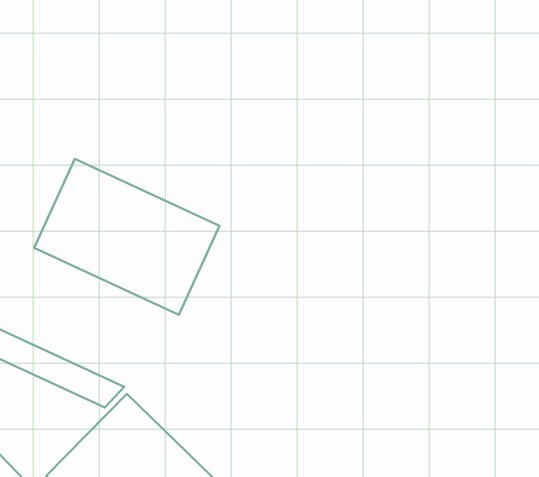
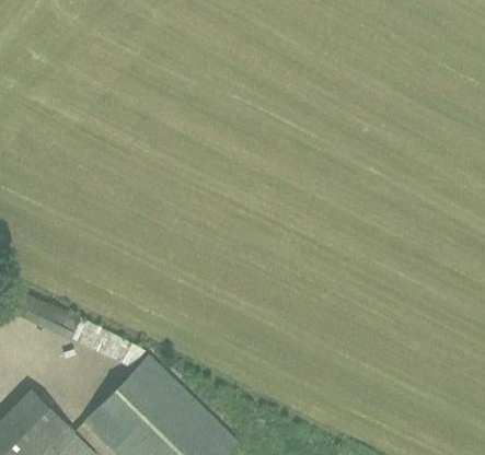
building: [34,159,219,315] -> none

